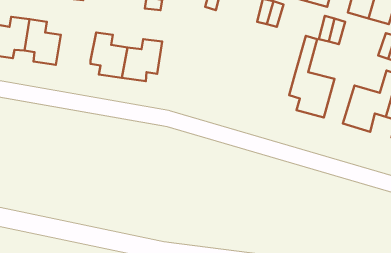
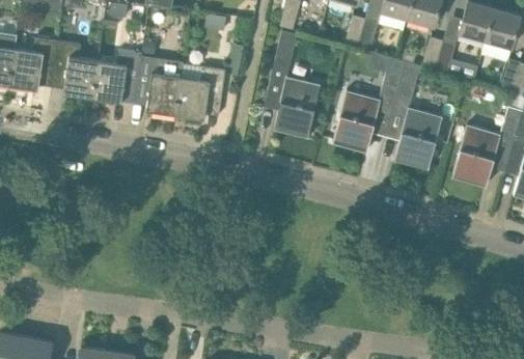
building: none -> [266,32,321,134]
building: none -> [91,51,142,104]
building: none -> [333,59,406,148]

